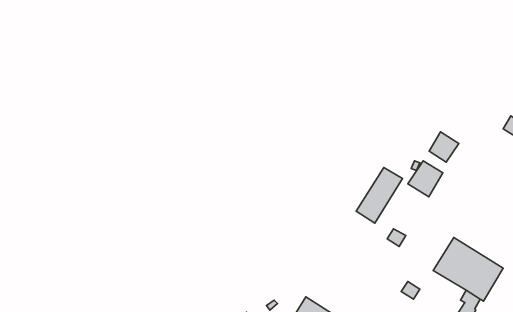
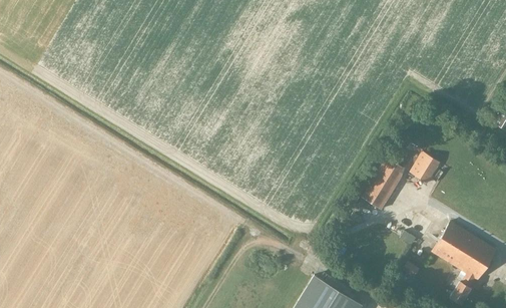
building: [429,132,459,162] -> none

